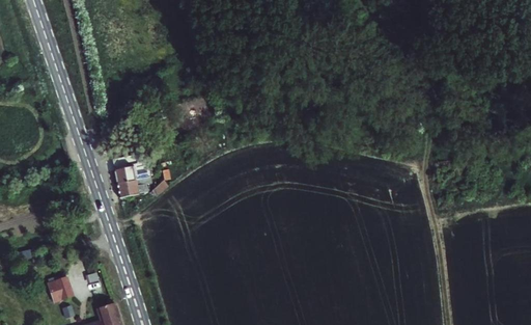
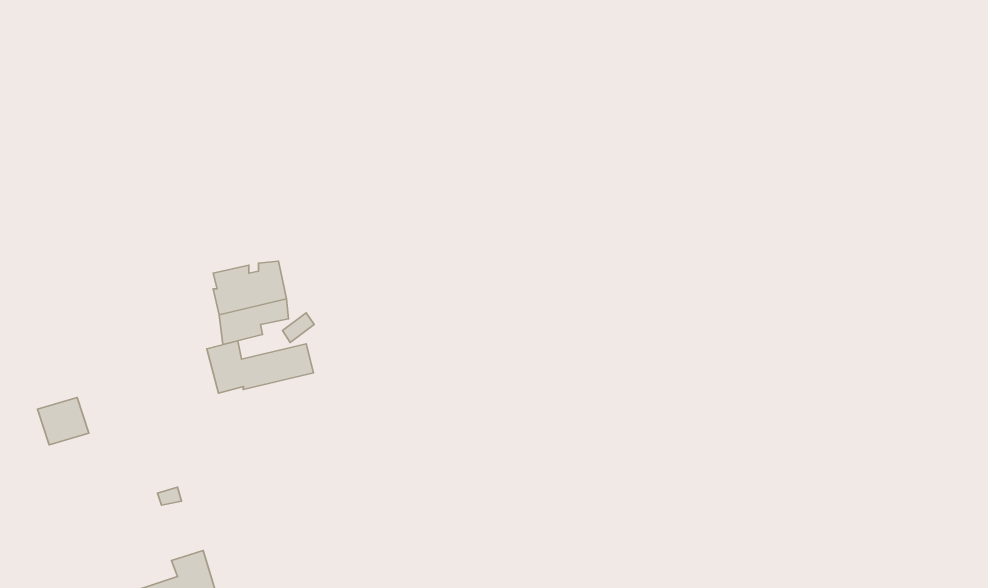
building: none -> [207,341,314,393]
building: [47,280,74,305] -> [37,397,89,445]

